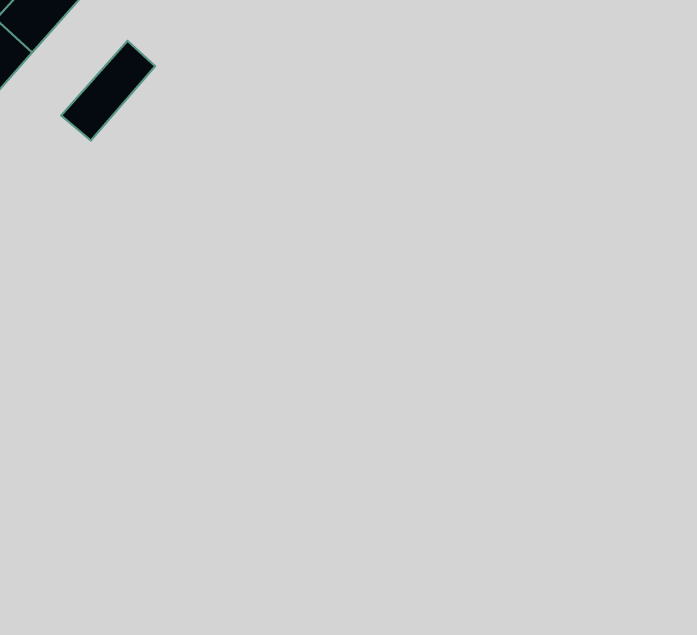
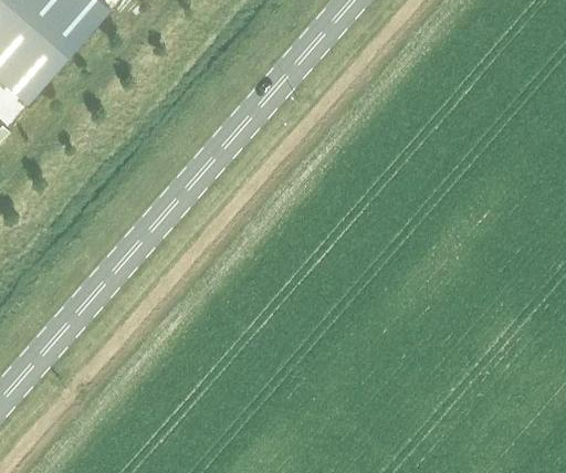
building: [61,41,155,140] -> none

